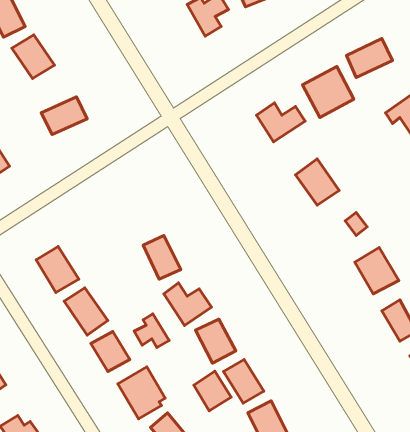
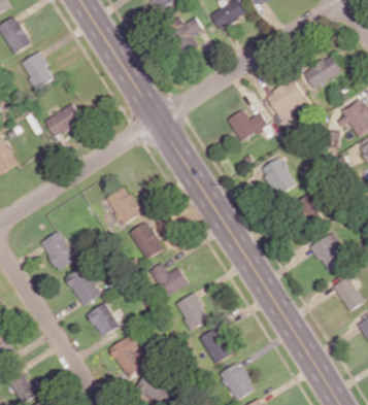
building: none -> [105,185,141,225]
building: [134,314,169,347] -> none
building: [194,371,231,411] -> none

